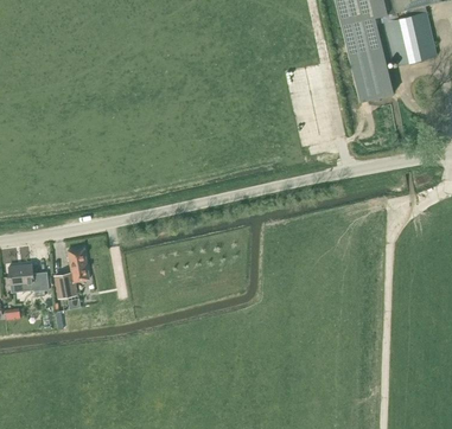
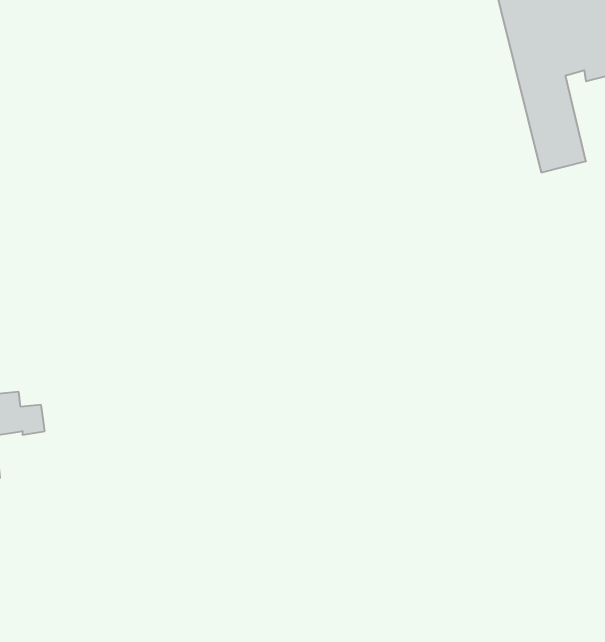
building: [55,246,89,297] -> none

